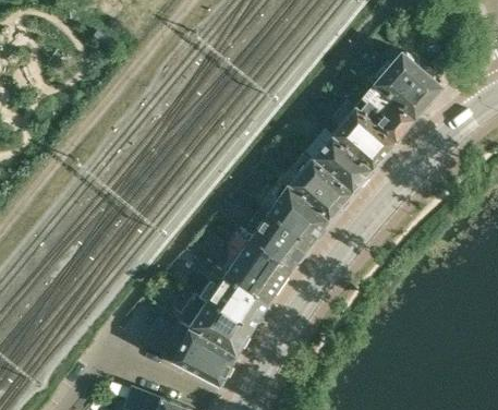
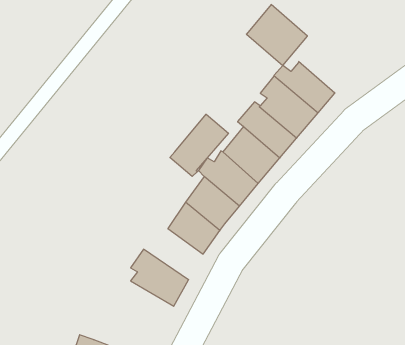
building: [374,51,441,119] -> [246,5,307,66]
building: none -> [170,114,228,176]
building: [202,269,268,326] -> none
building: [144,321,235,384] -> none

